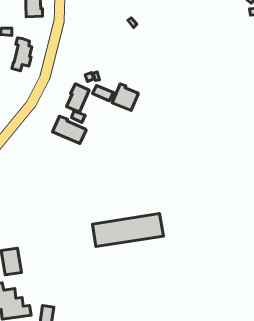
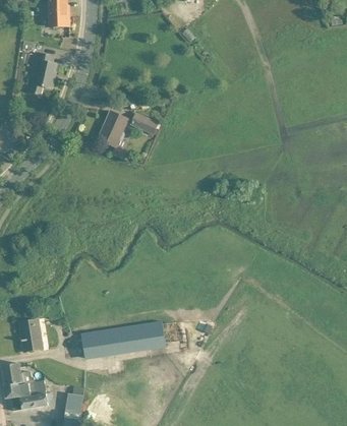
building: [112,84,138,111] -> none
building: [53,116,86,144] -> none
building: [93,214,163,247] -> [76,319,166,361]

